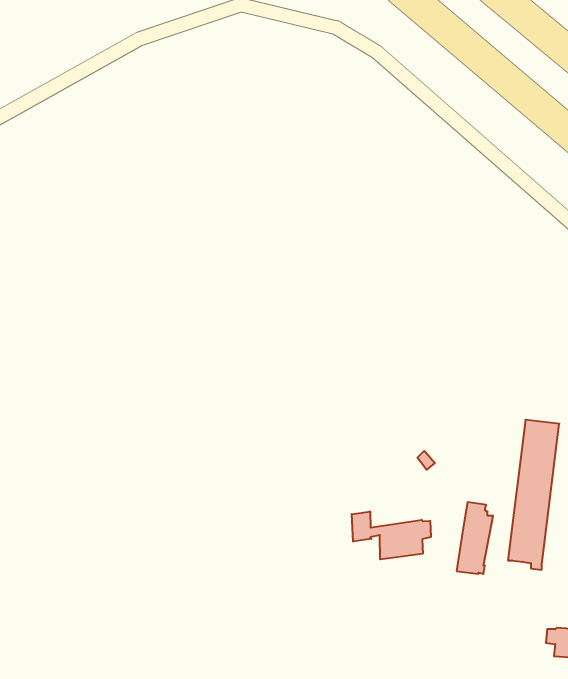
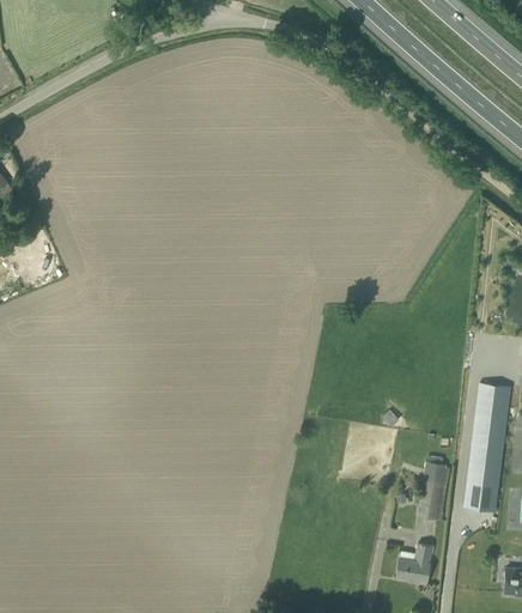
building: [352,511,431,559] -> none
building: none -> [397,542,432,582]

